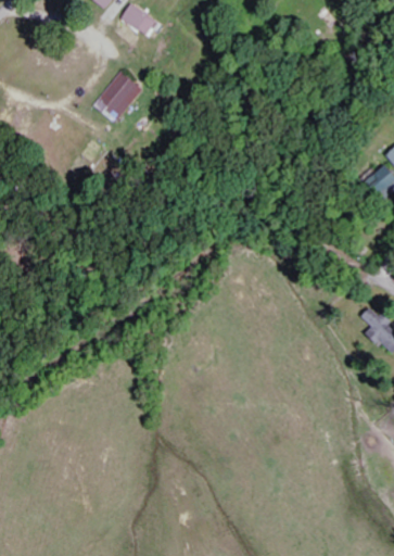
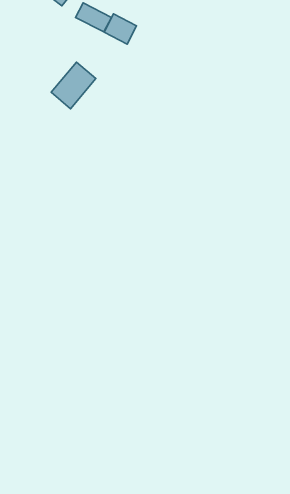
building: none -> [104,14,137,44]

